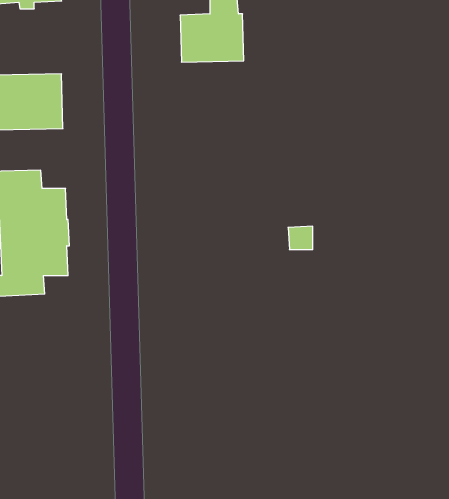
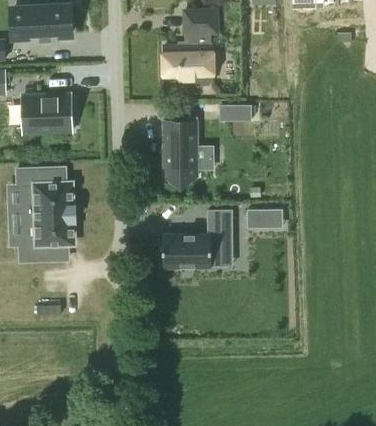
building: none -> [219,105,251,121]
building: none -> [163,117,198,178]
building: none -> [163,210,233,270]

